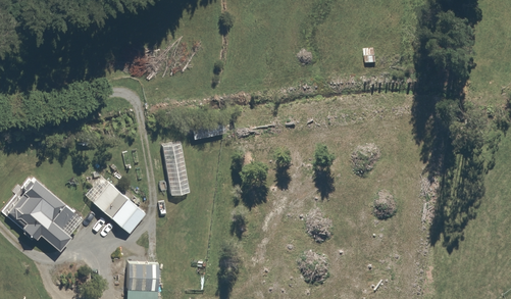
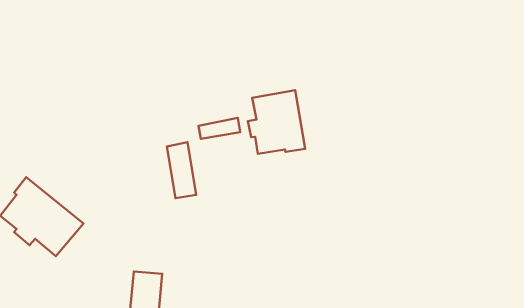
building: none -> [248,90,305,154]
building: [85,178,147,235] -> none

